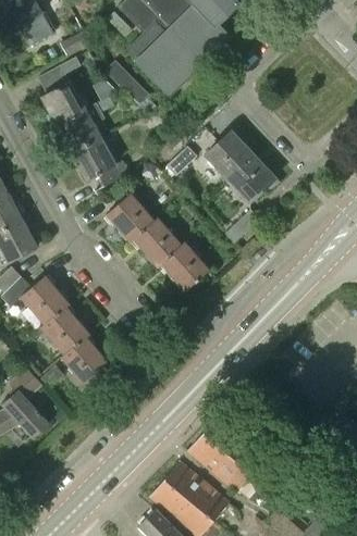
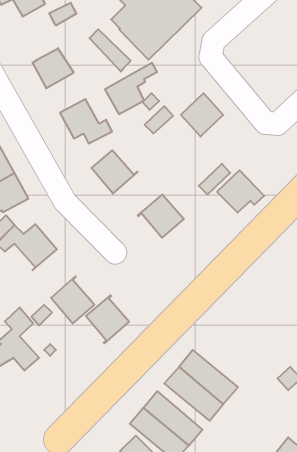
building: [38,57,81,94] -> none
building: [57,96,114,152] -> [105,63,157,114]
building: [227,154,280,201] -> [217,170,264,213]
building: [131,217,185,265] -> none
building: [41,303,89,357] -> [86,295,129,343]

